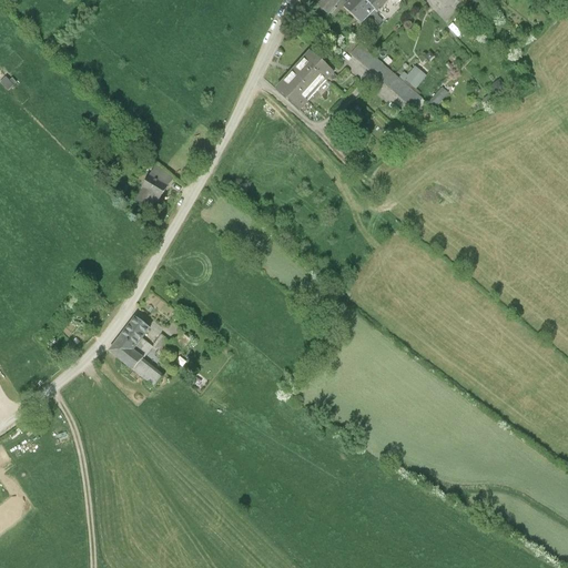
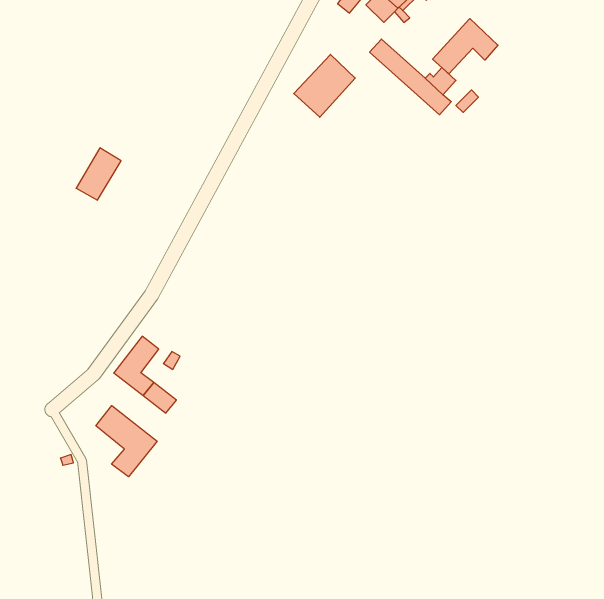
building: none -> [433,19,498,74]
building: [132,162,174,211] -> [76,148,121,200]
building: none -> [96,406,157,477]

